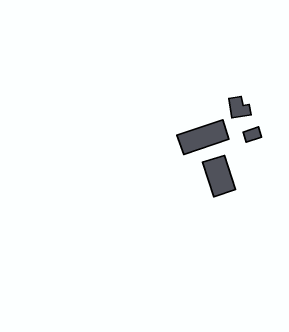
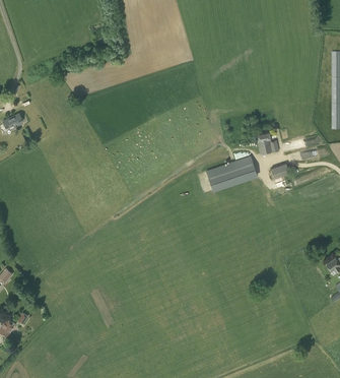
building: [202,155,235,197] -> none

